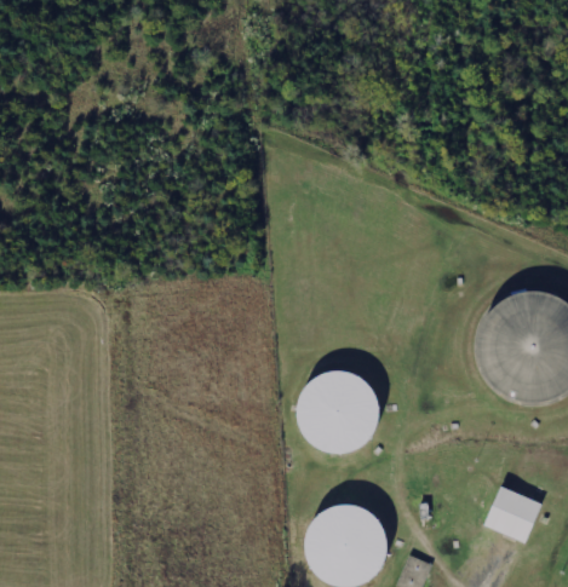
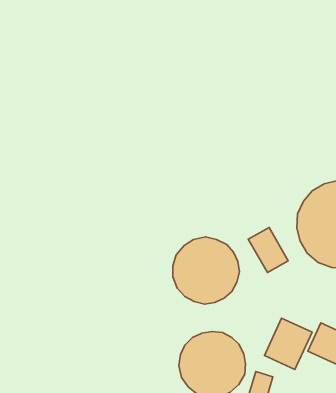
building: none -> [248,227,288,272]
building: none -> [264,318,312,370]

